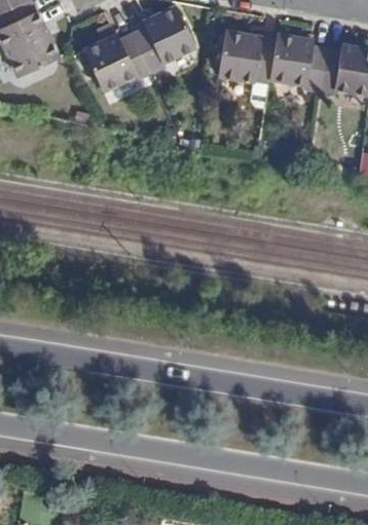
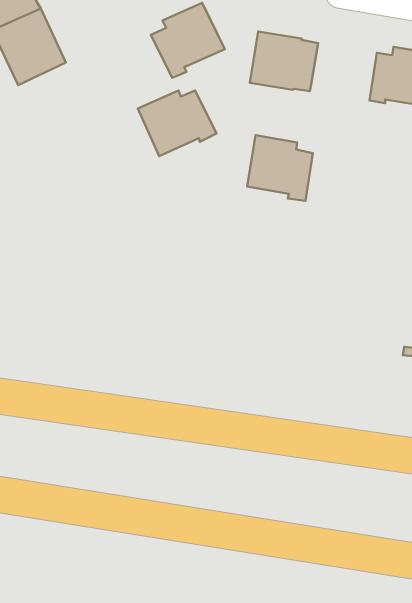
building: [83,34,151,90] -> [138,91,217,156]
building: [270,34,327,90] -> [247,135,313,201]

